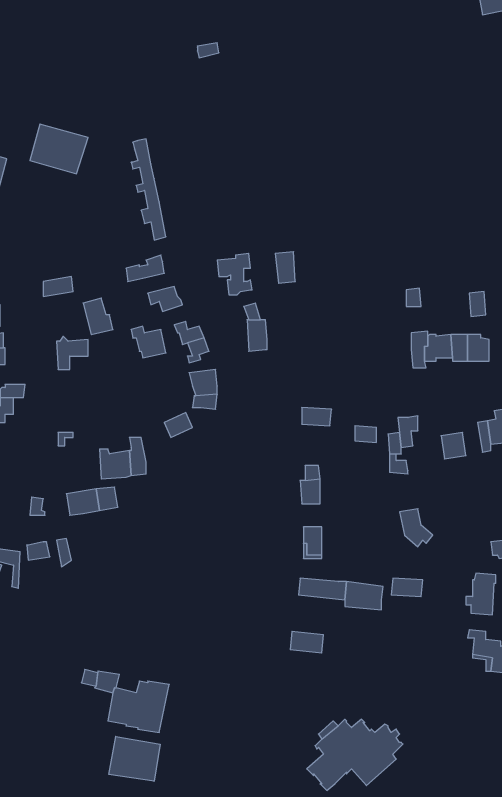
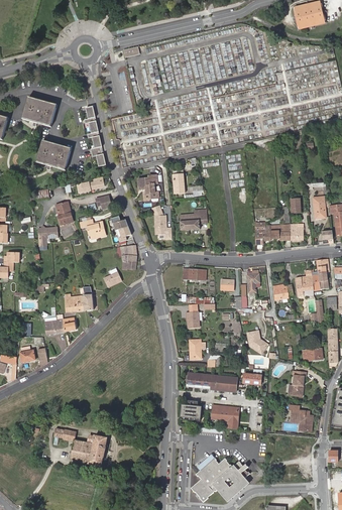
building: none -> [36,140,72,169]
building: none -> [180,209,207,230]
building: none -> [211,404,238,428]
building: [109,736,160,781] -> none

